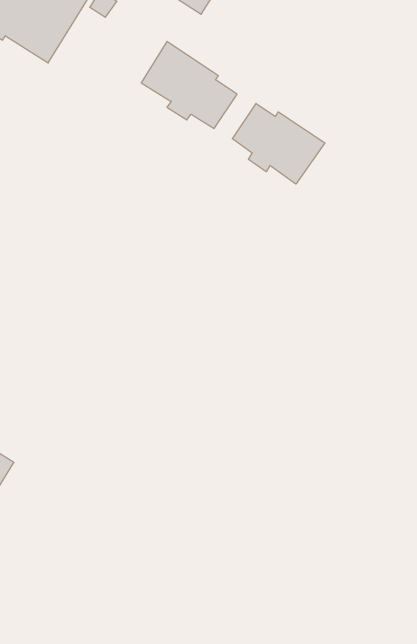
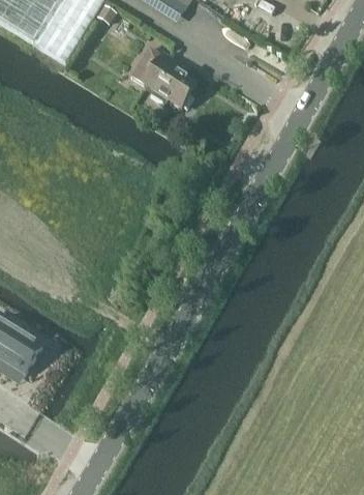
building: [232,103,325,184] -> none

